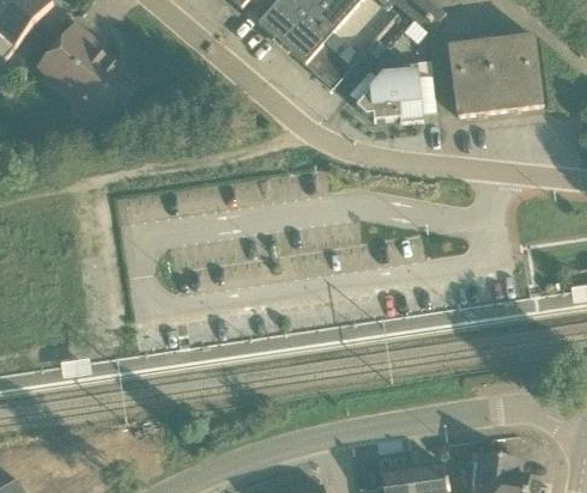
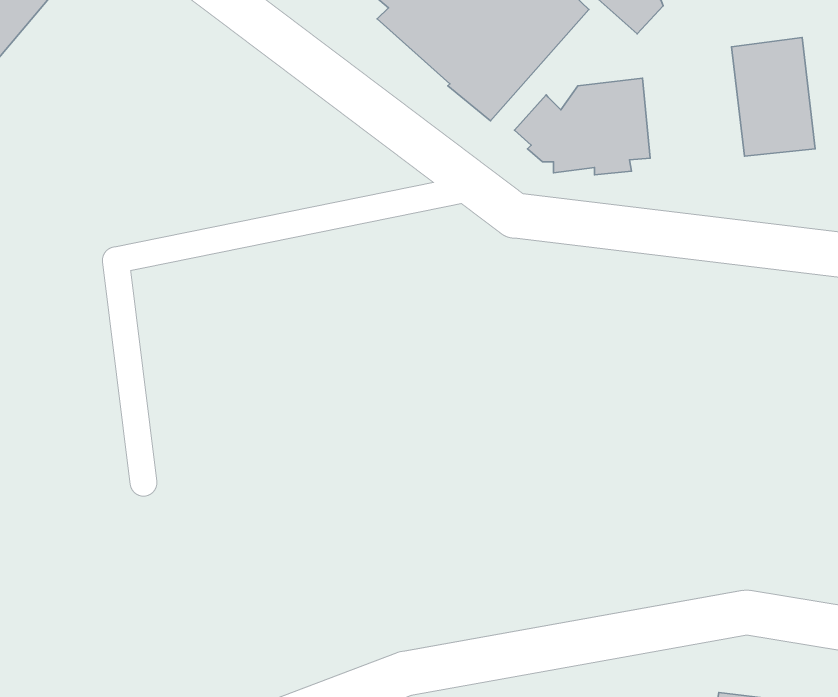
building: [36,19,138,123] -> none
building: [448,38,496,114] -> none

